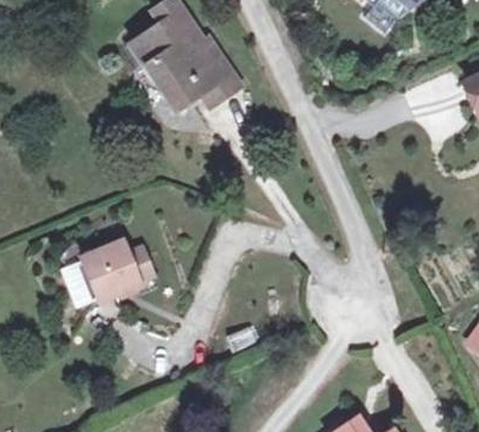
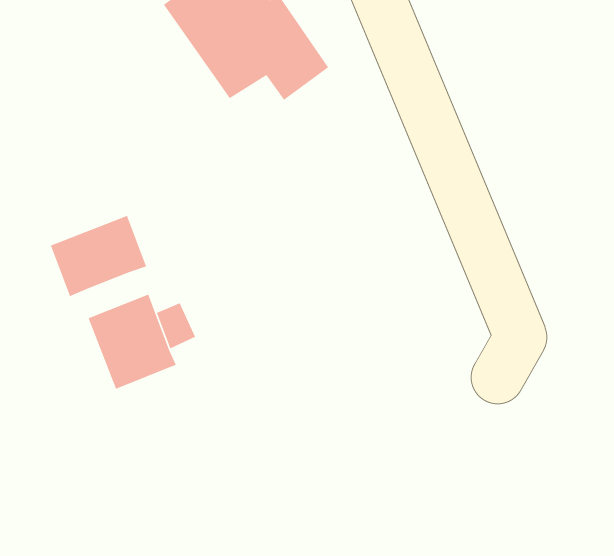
building: none -> [50,215,147,297]

